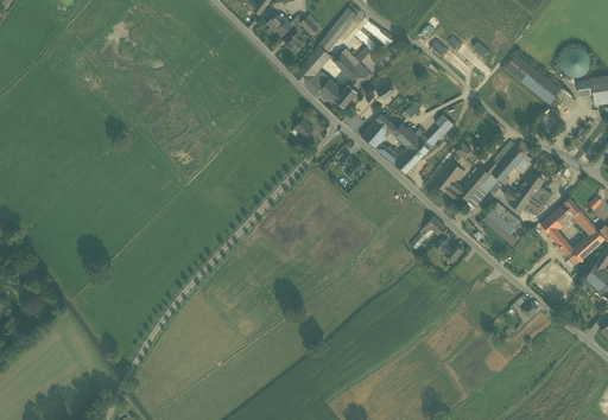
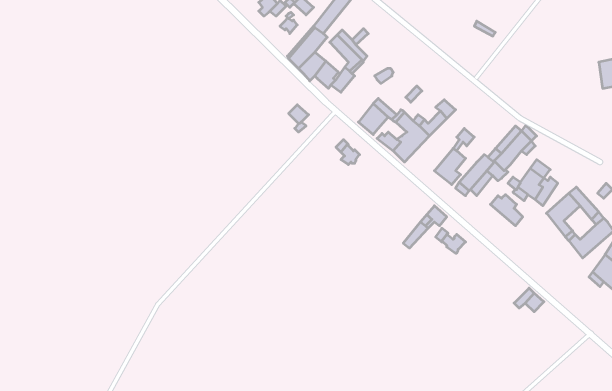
building: [560,47,590,78] -> none
building: [505,55,560,103] -> none

